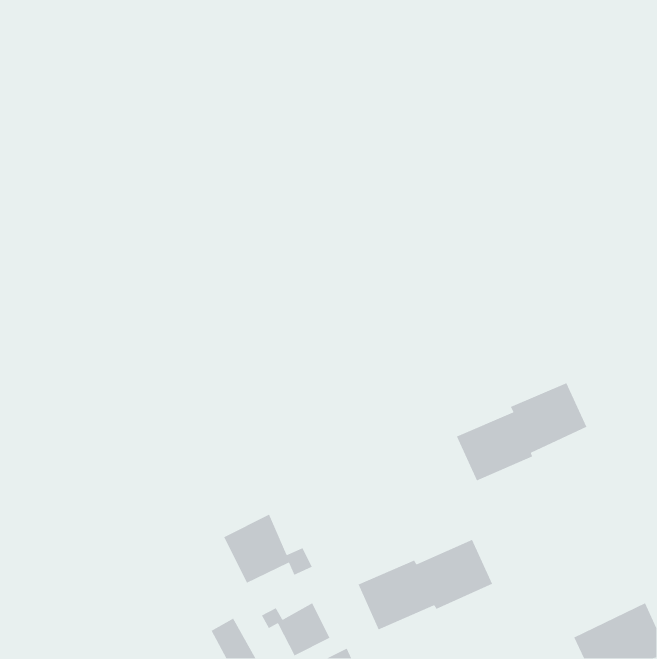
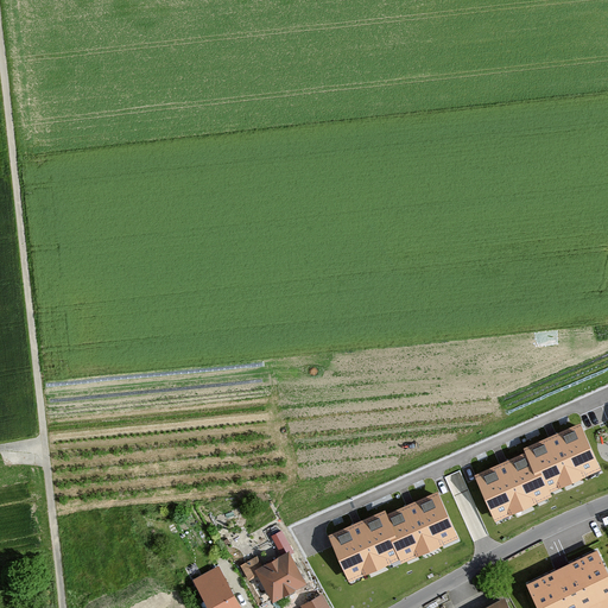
building: [456,382,587,482] -> [475,426,596,518]
building: [223,514,313,584] -> none

